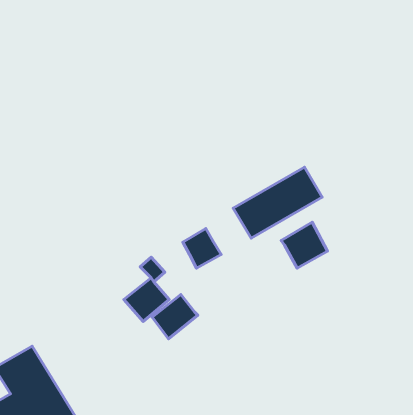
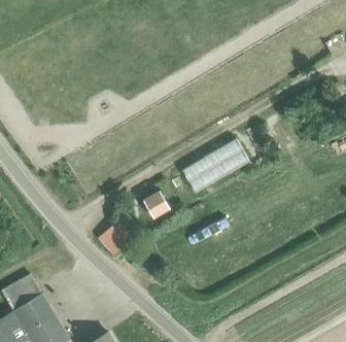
building: [281,222,328,268] -> none
building: [152,294,198,339] -> none

